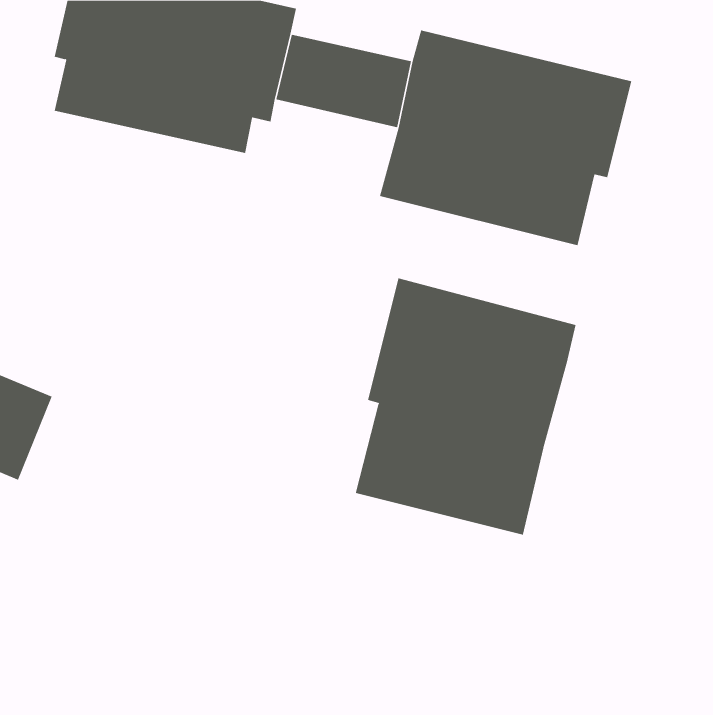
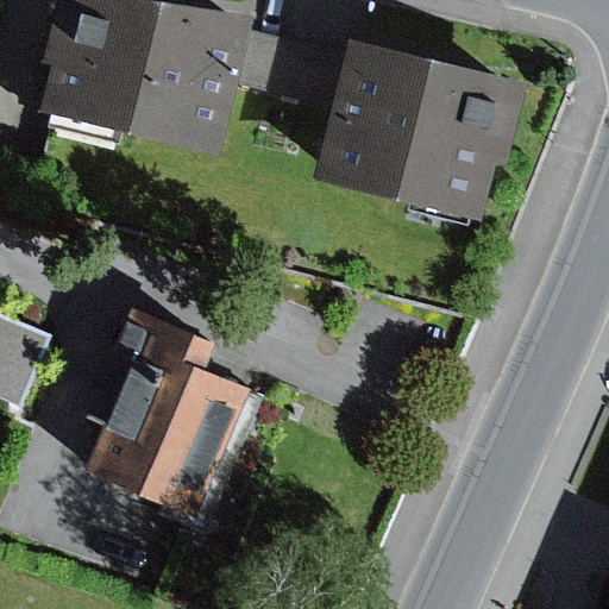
building: [355,278,576,536] -> none
building: none -> [79,319,250,533]

